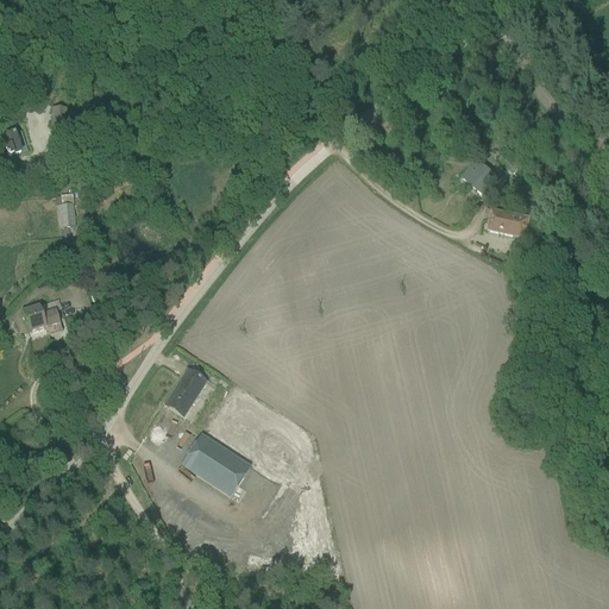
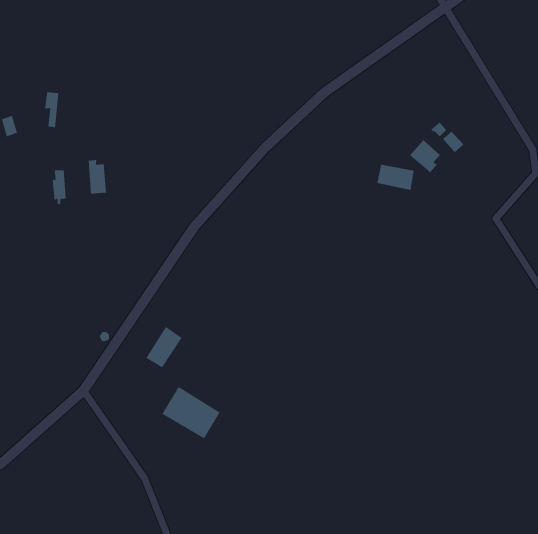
building: none -> [88,159,106,194]
building: [488,207,530,237] -> [376,164,414,191]
building: [21,299,63,333] -> none

